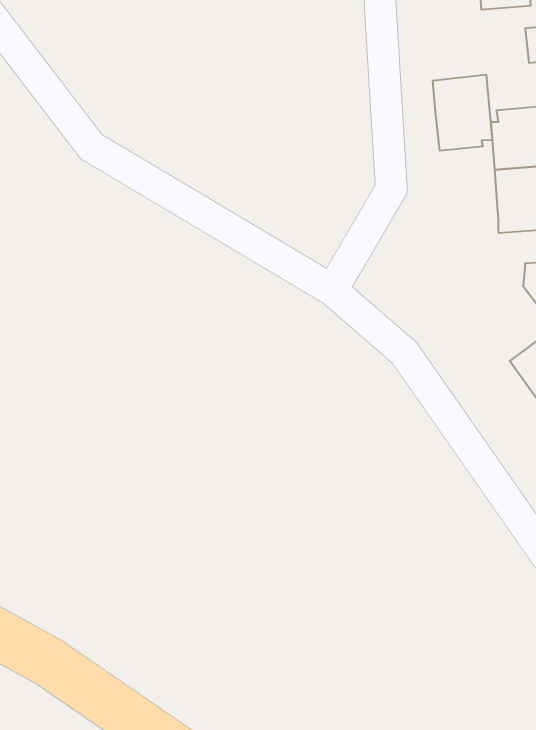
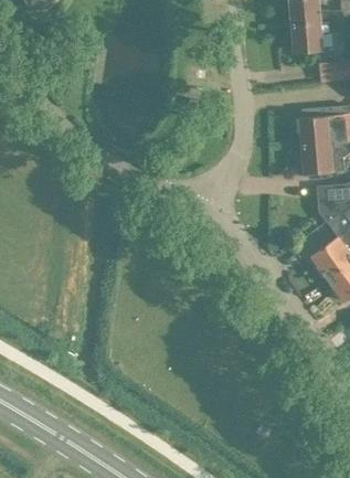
building: [433,74,492,151] -> none

